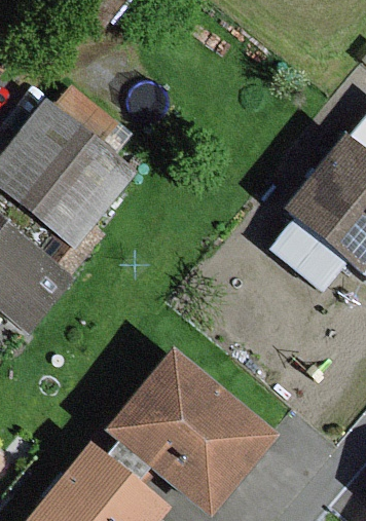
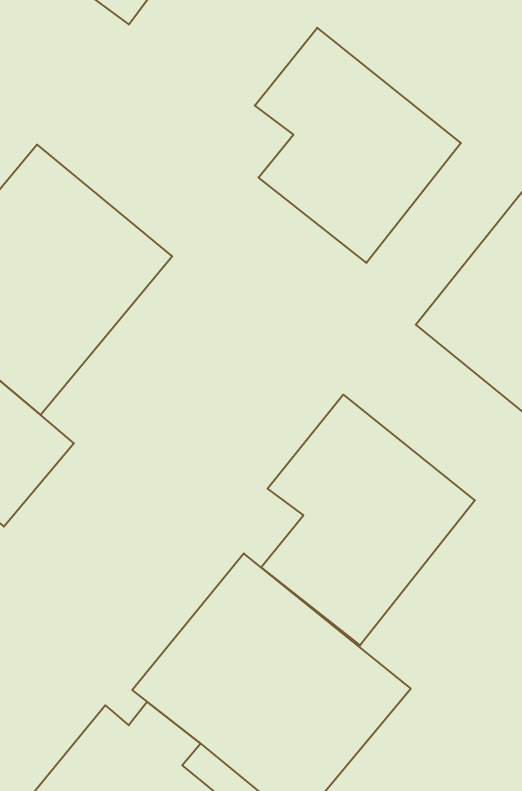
building: none -> [255,28,461,263]
building: none -> [261,395,475,645]

